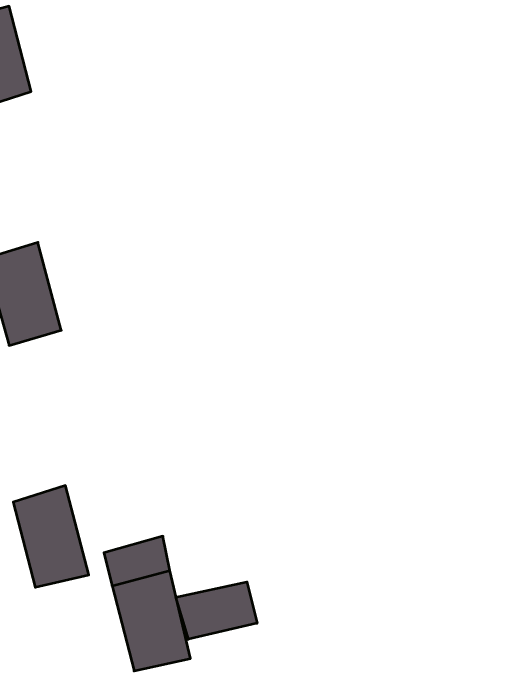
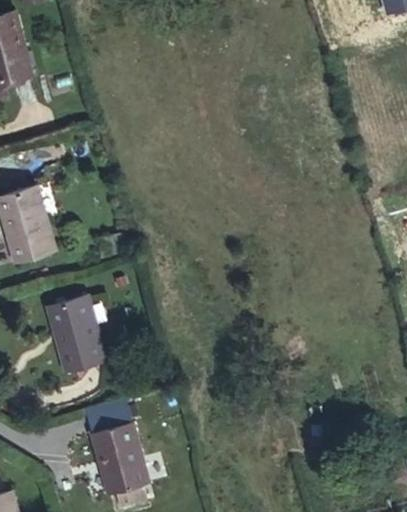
building: [13,486,89,587] -> [50,298,105,372]
building: [176,582,257,639] -> none

